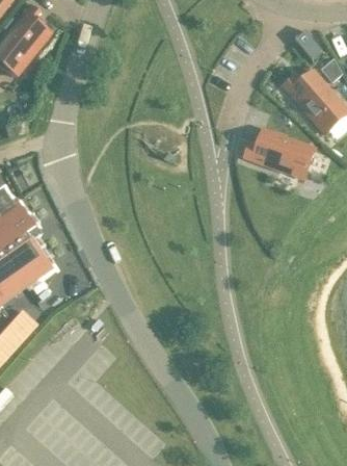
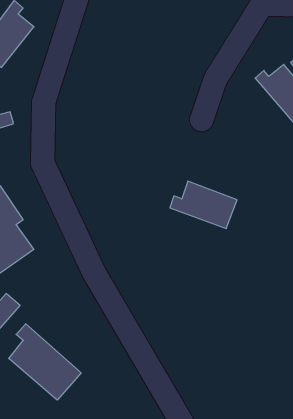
building: [244,128,315,178] -> [170,181,237,229]
building: none -> [9,324,81,400]

